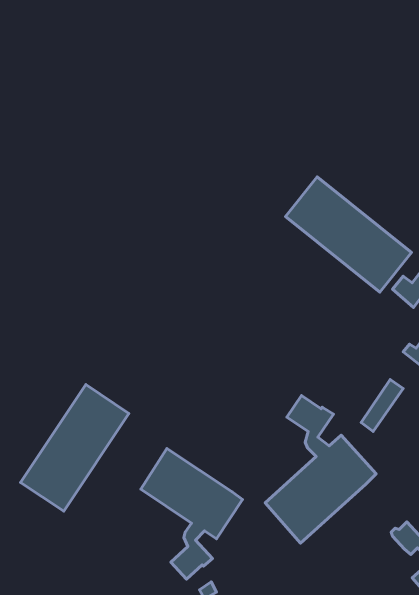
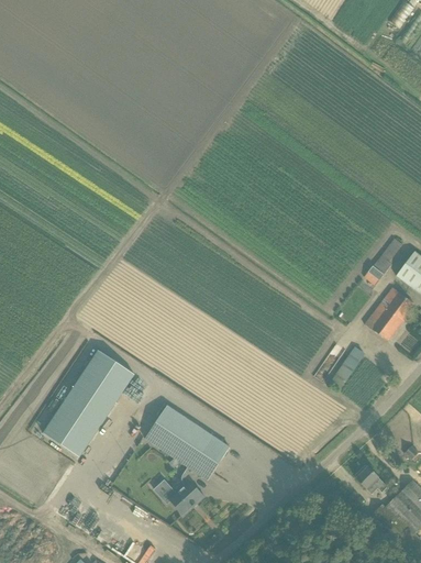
building: [286,177,411,292] -> none
building: [265,396,376,543] -> none

